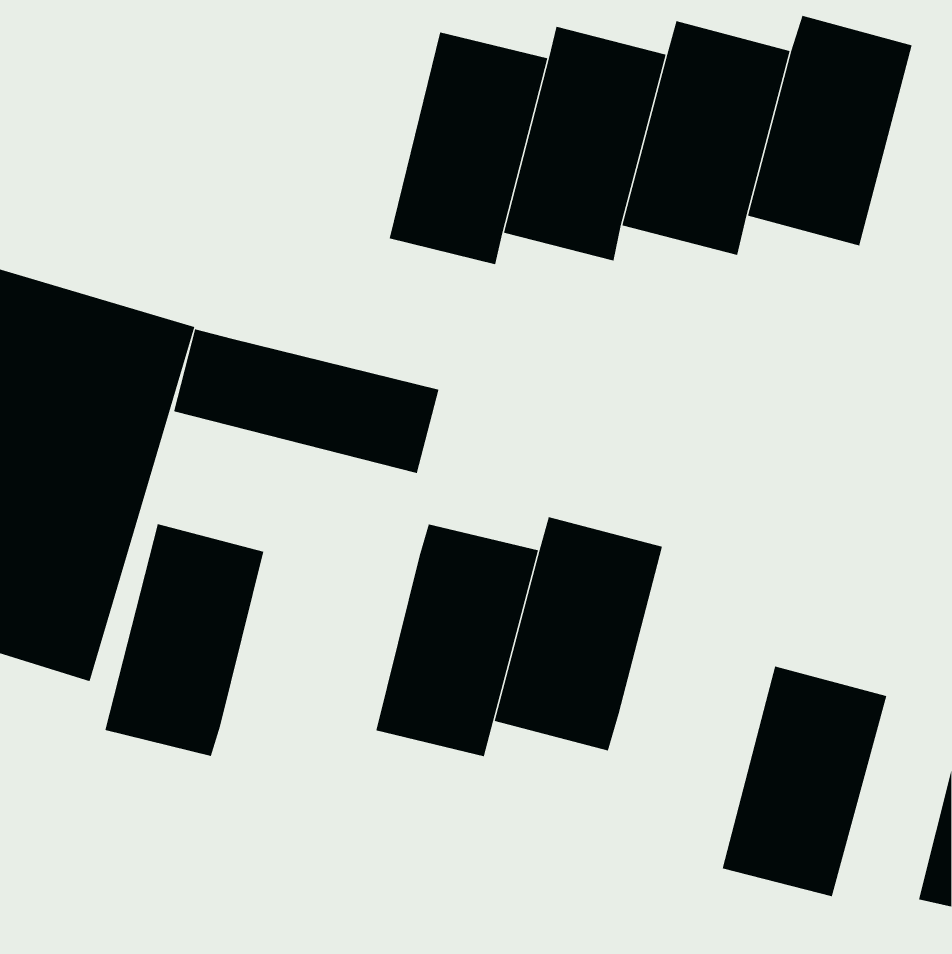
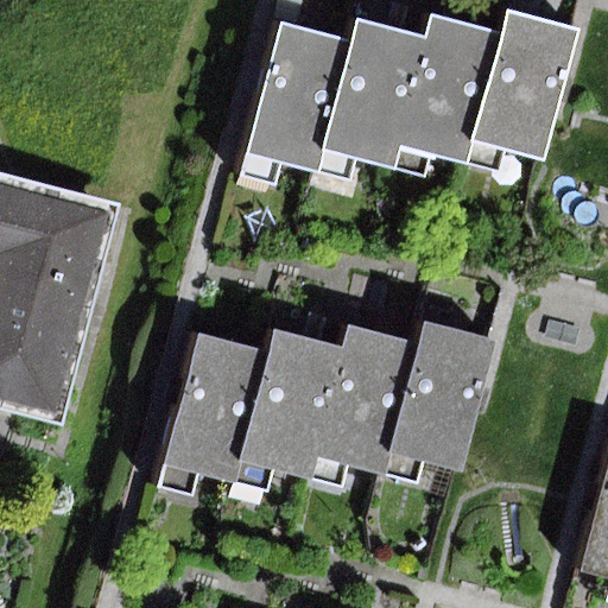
building: [174,329,439,474] -> none
building: [104,523,264,756] -> [164,334,265,481]
building: [722,666,887,897] -> [392,323,496,469]

